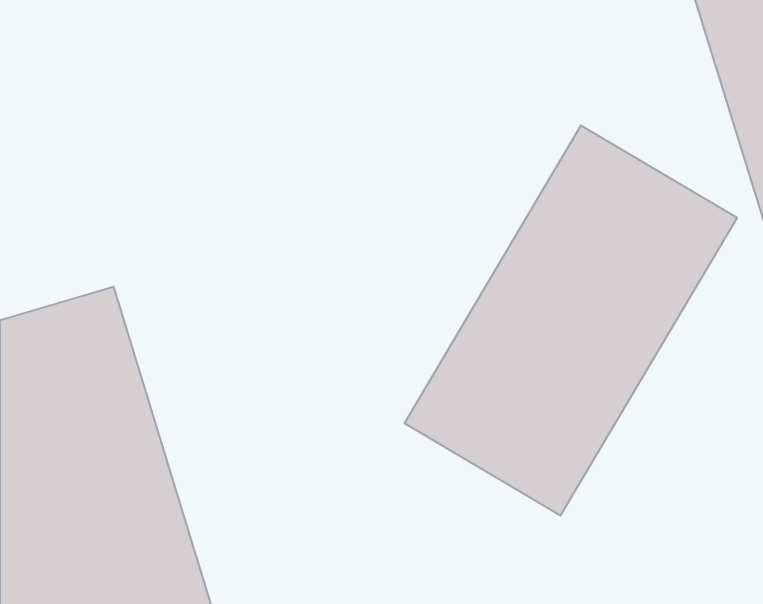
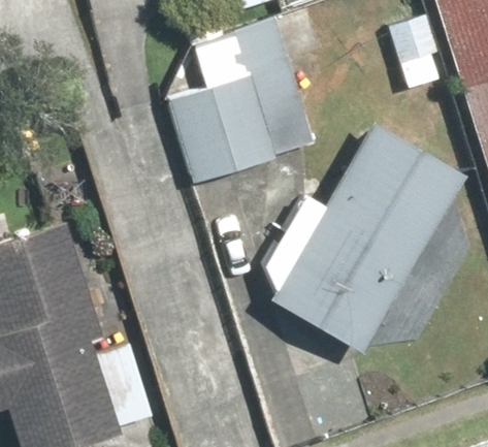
building: none -> [166,55,330,188]

